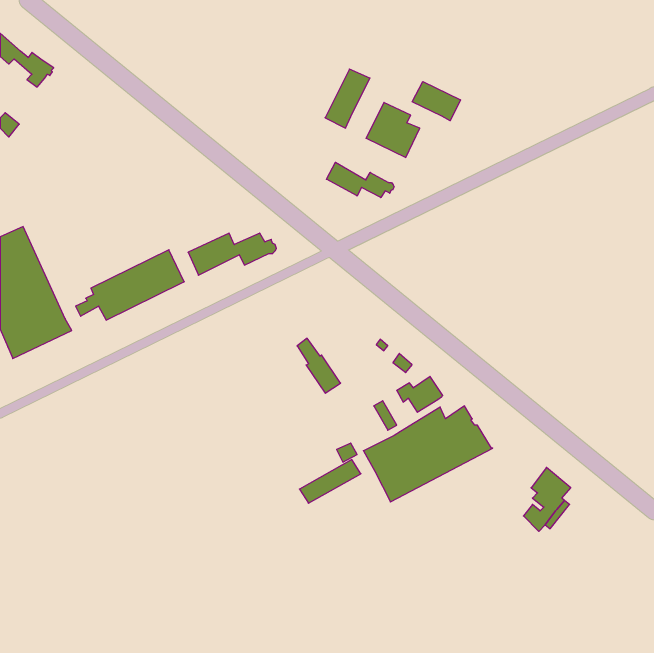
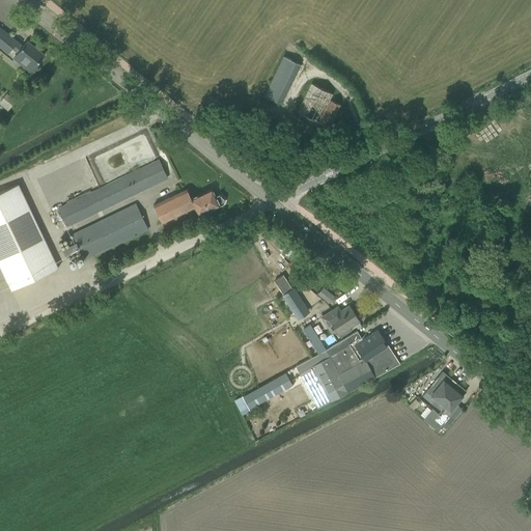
building: [412,82,460,121] -> none
building: [326,162,394,198] -> none
building: none -> [58,161,167,227]
building: [297,338,341,393] -> [274,275,309,319]

